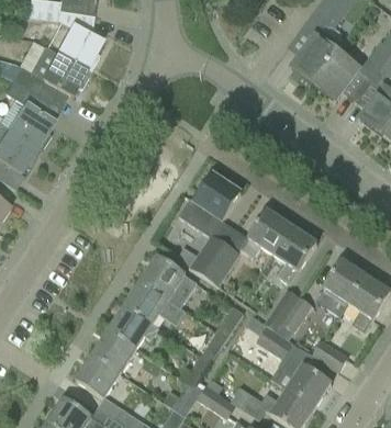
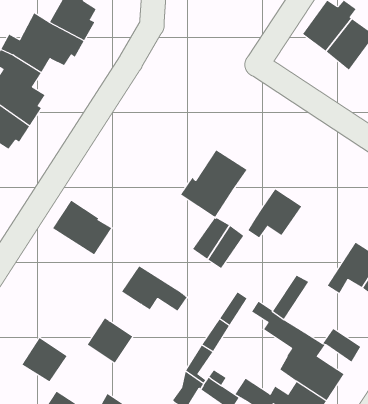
building: [273,226,317,282] -> none
building: [141,255,197,306] -> [52,200,112,255]
building: [276,296,311,342] -> none
building: [109,305,159,347] -> none
building: [76,354,119,396] -> [22,337,68,382]

